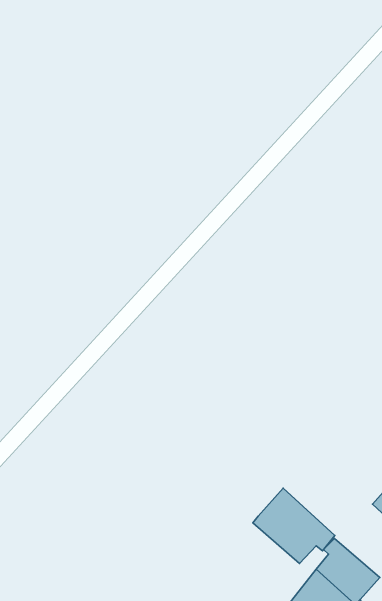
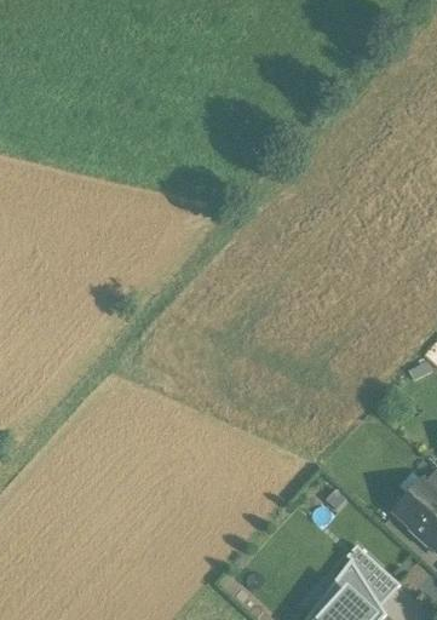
building: [253,488,335,564] -> none

